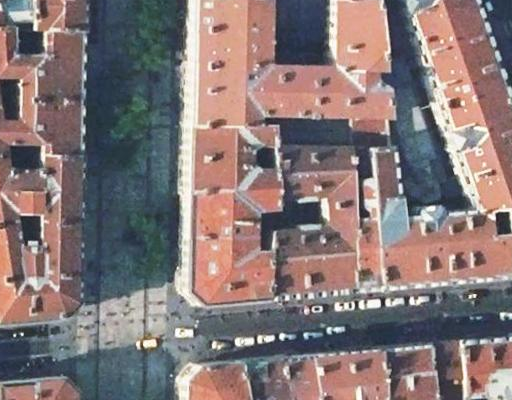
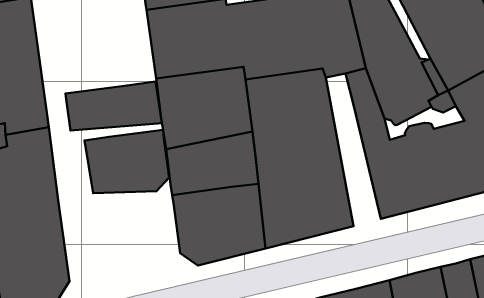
building: none -> [65,81,162,130]
building: [351,146,382,291] -> none
building: none -> [85,130,169,193]

